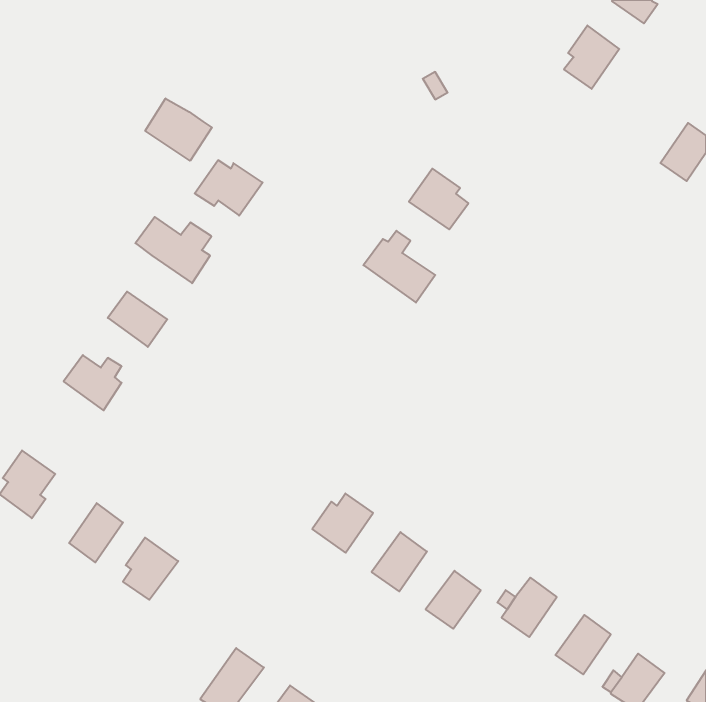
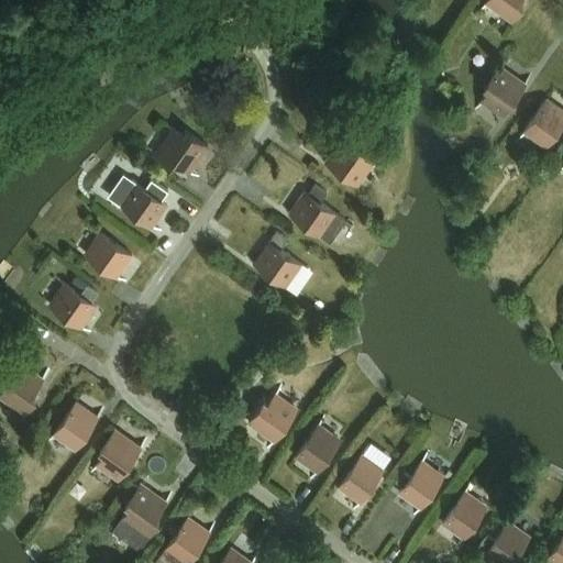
building: [564,25,619,89] -> [482,67,526,118]
building: [145,98,212,161] -> none
building: none -> [254,244,301,288]
building: none -> [114,485,167,551]

